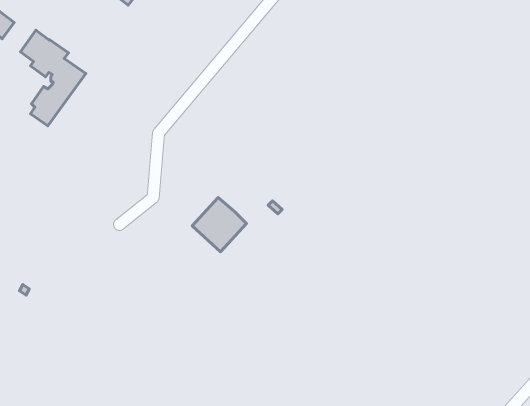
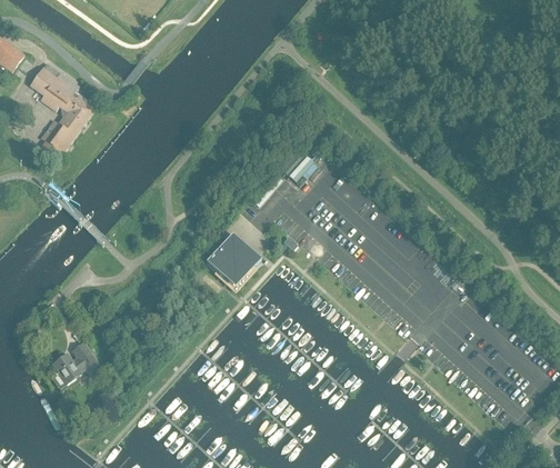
building: none -> [50,339,101,380]

